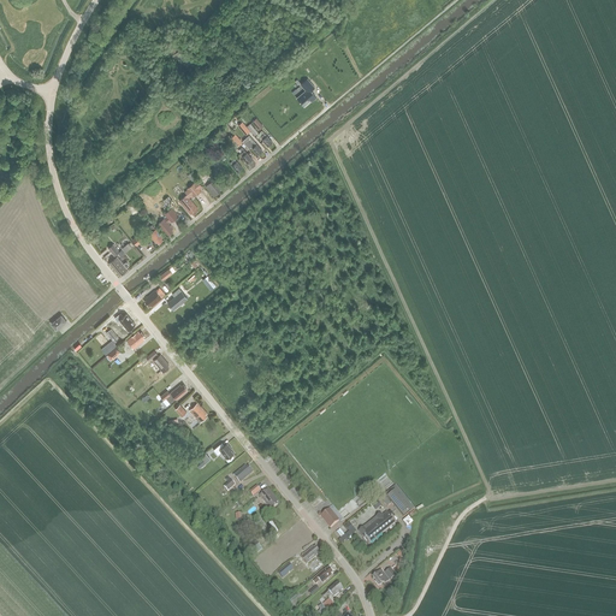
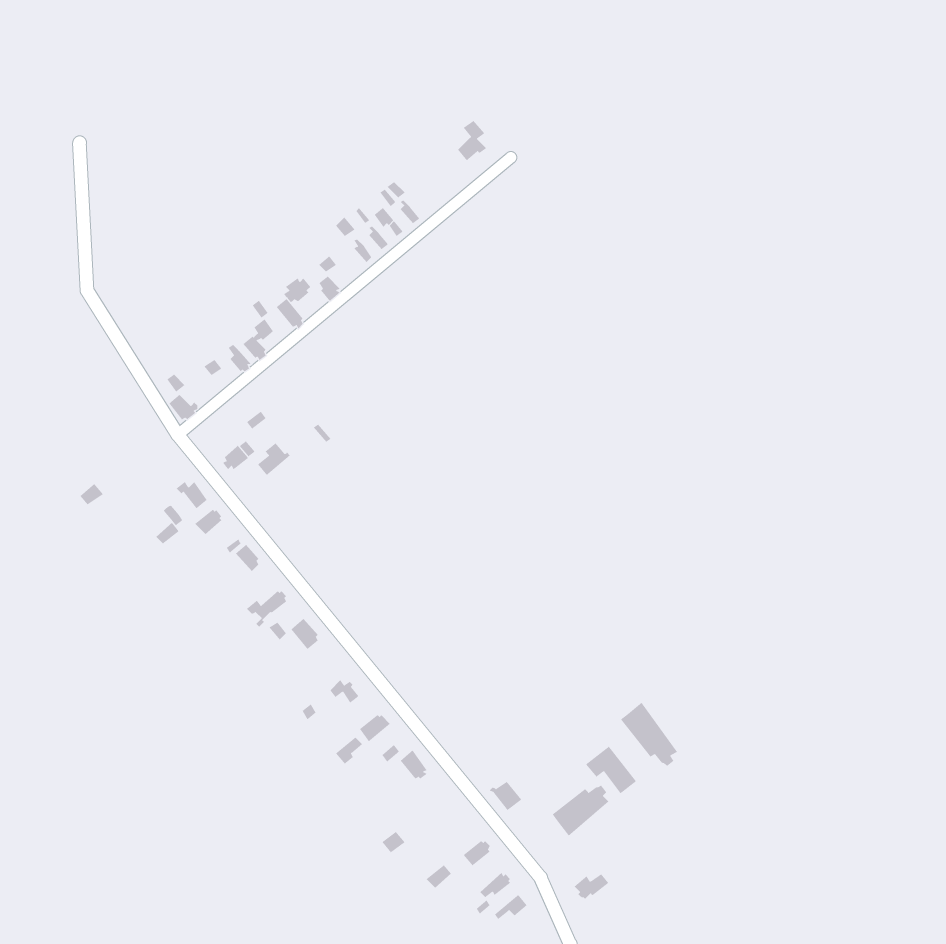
building: none -> [620,702,678,767]

